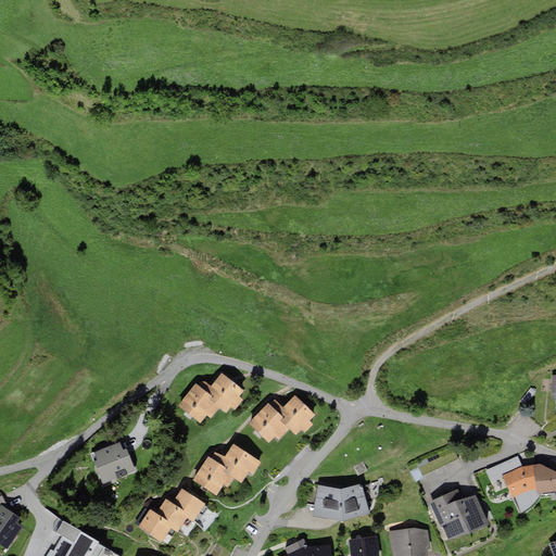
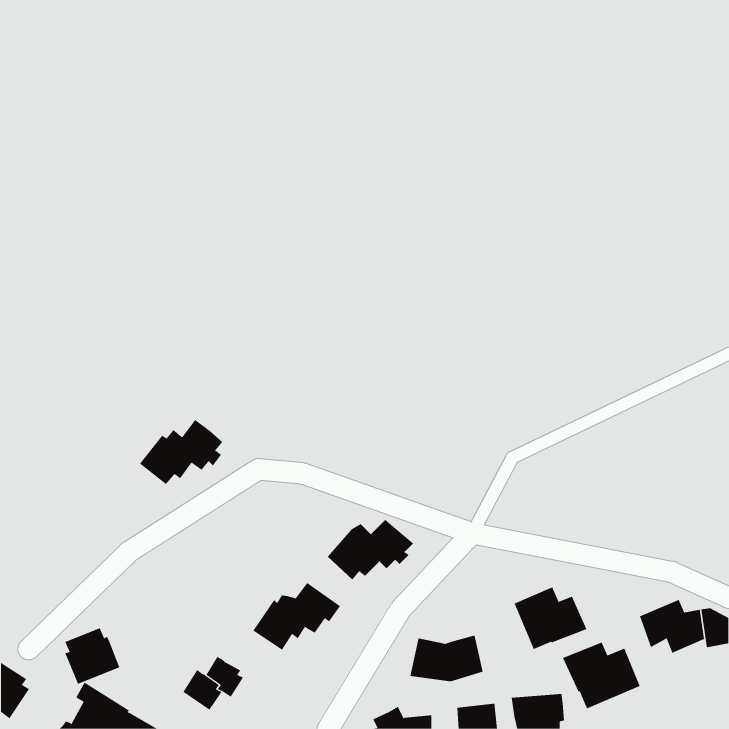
building: [178,371,242,421] -> [139,419,223,485]
building: [92,440,135,483] -> [65,628,120,685]
building: none -> [514,586,587,650]
building: [172,489,204,521] -> none

